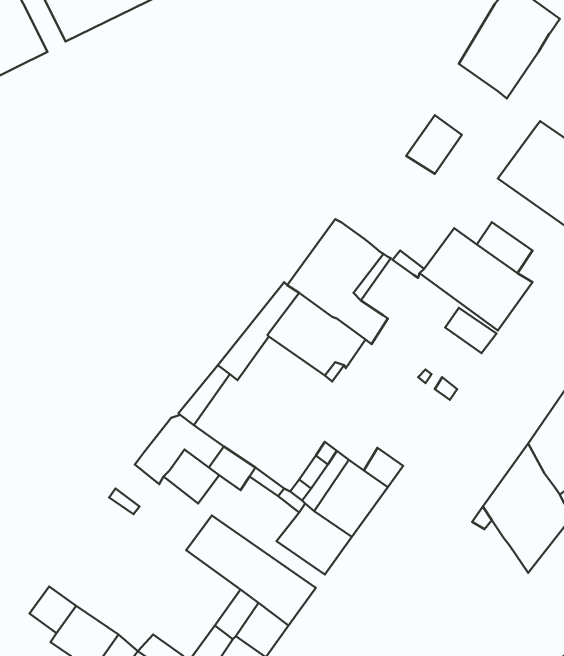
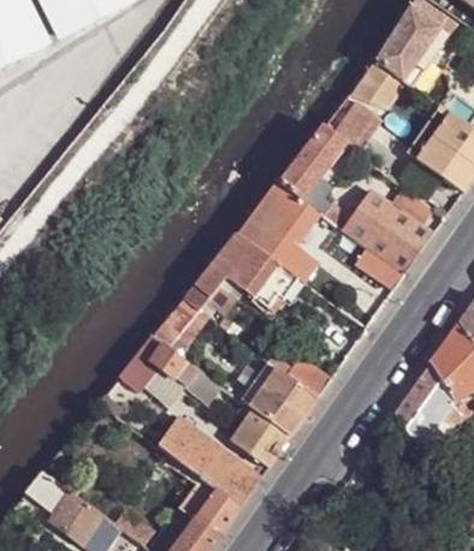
building: none -> [342,58,405,106]
building: none -> [280,128,346,201]

